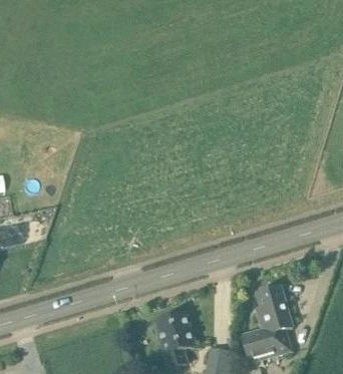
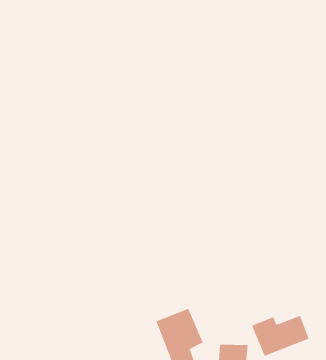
building: [256,285,293,334] -> none

